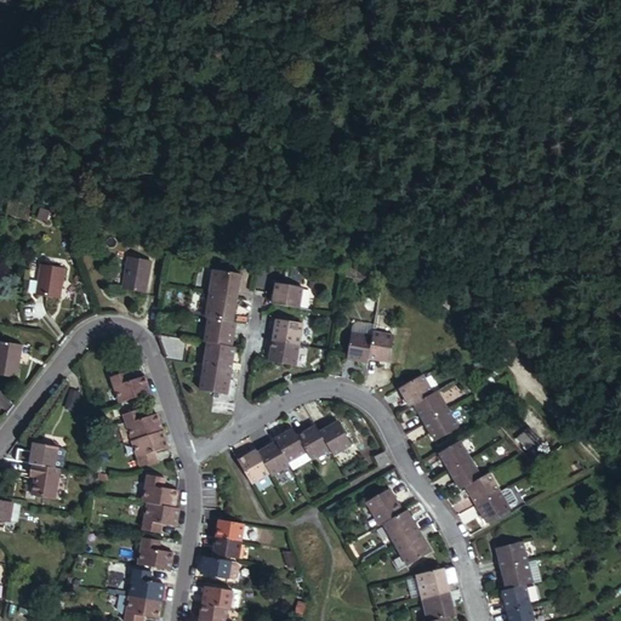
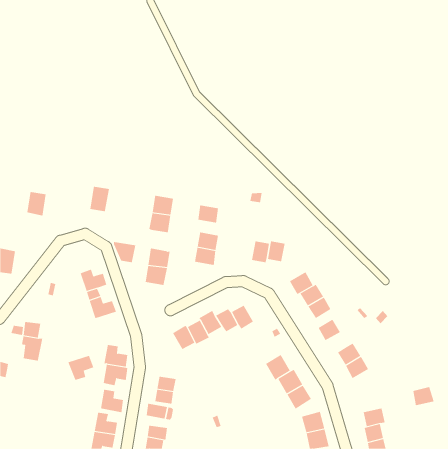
building: [205,318,237,347] -> none
building: [131,431,167,466] -> [68,355,94,381]
building: [449,458,482,490] -> none
building: [497,542,528,569] -> [412,387,434,406]

